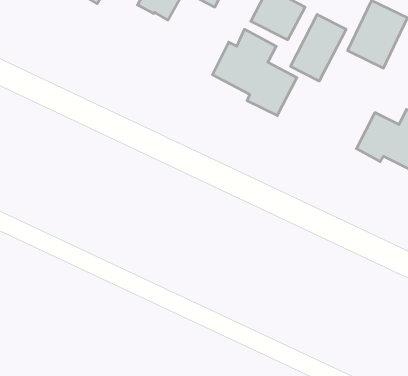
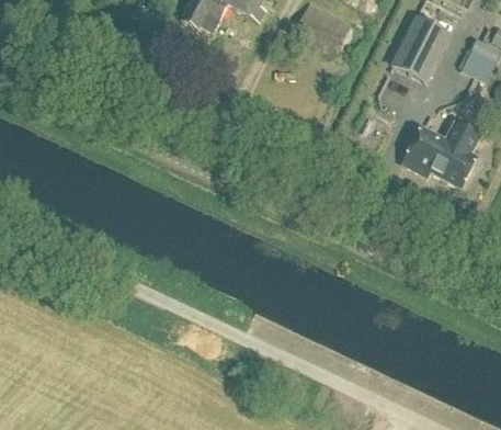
building: [291,14,346,81] -> none
building: [213,29,297,116] -> none

